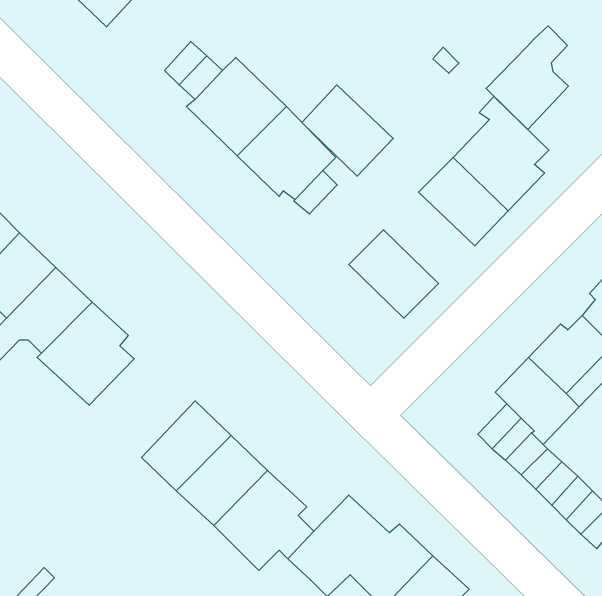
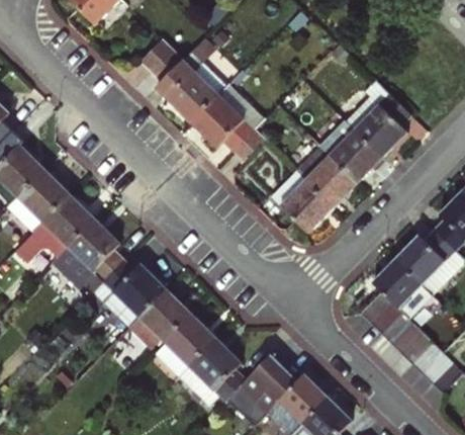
building: [486,26,568,130] -> none
building: [302,85,393,176] -> [295,143,359,206]
building: none -> [90,259,164,328]

